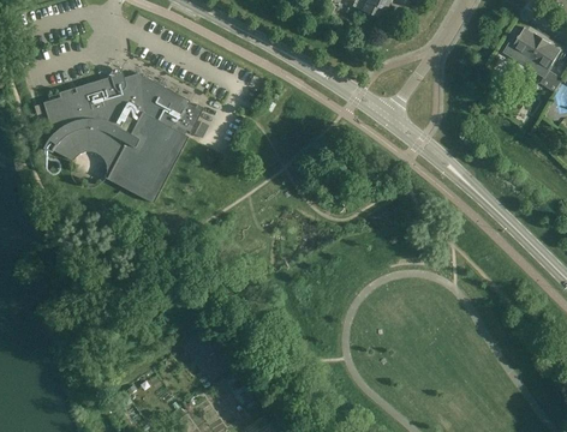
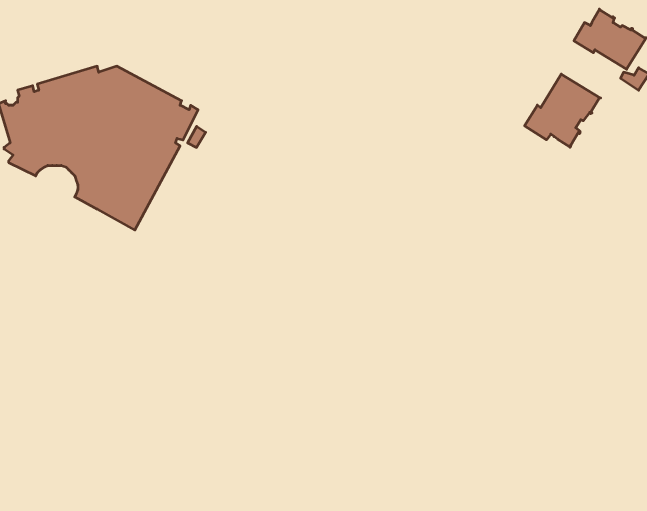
building: none -> [525,74,601,147]

